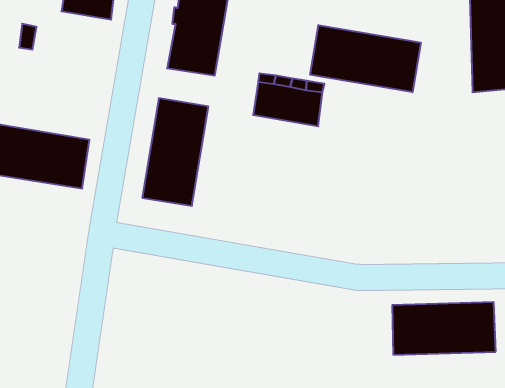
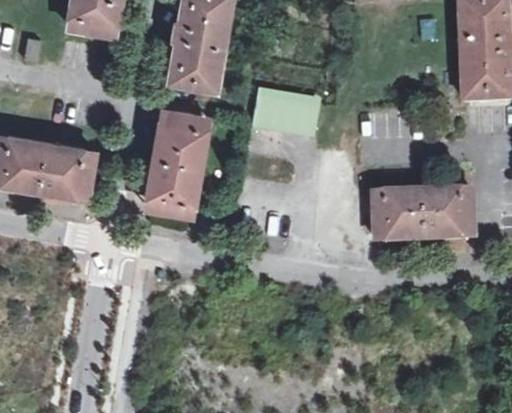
building: [310,25,421,92] -> none
building: [392,302,496,355] -> [375,192,475,243]

